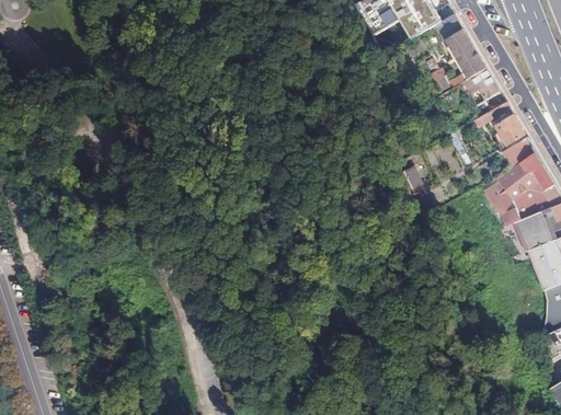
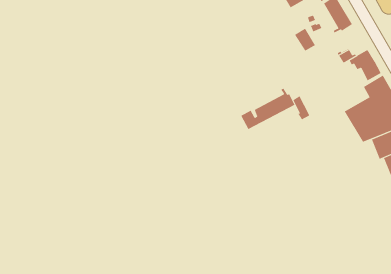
building: [471,69,501,102] -> [294,28,316,52]
building: none -> [241,88,295,130]

